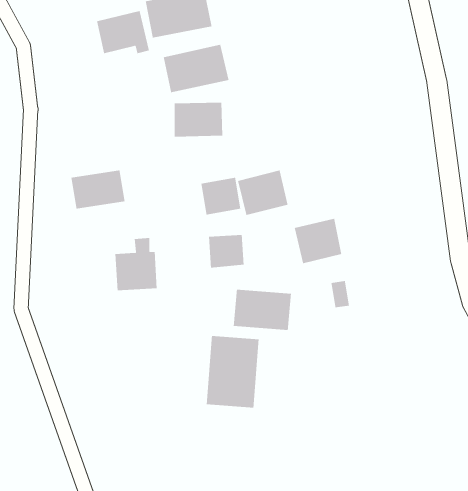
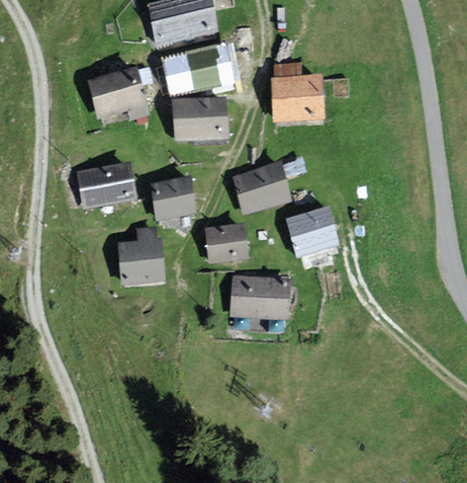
building: [96,10,150,54] -> [93,72,144,113]
building: none -> [274,79,320,117]
building: [200,177,241,215] -> [154,180,192,217]
building: [206,335,260,409] -> none

